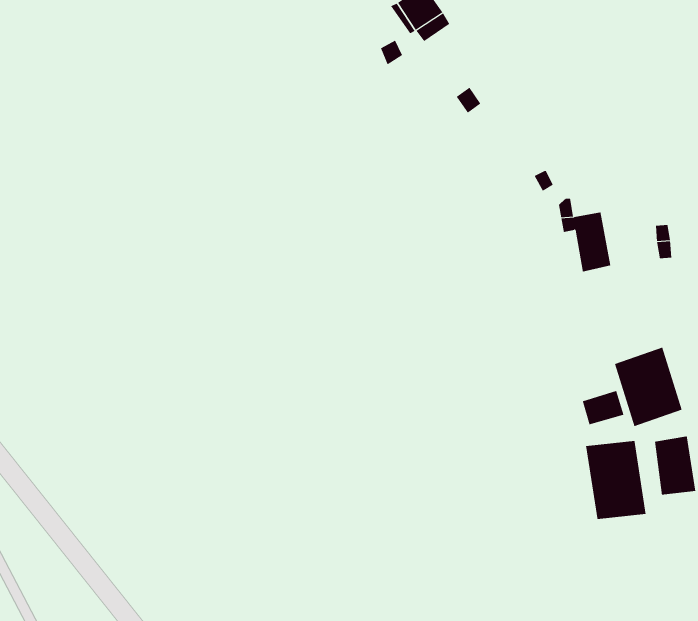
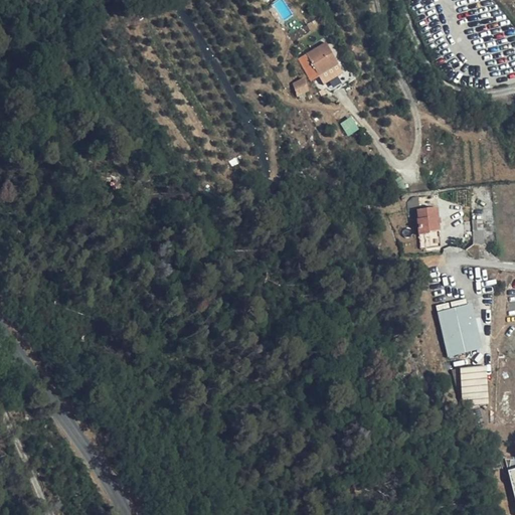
building: [582,390,624,425] -> none
building: [586,440,646,520] -> none

